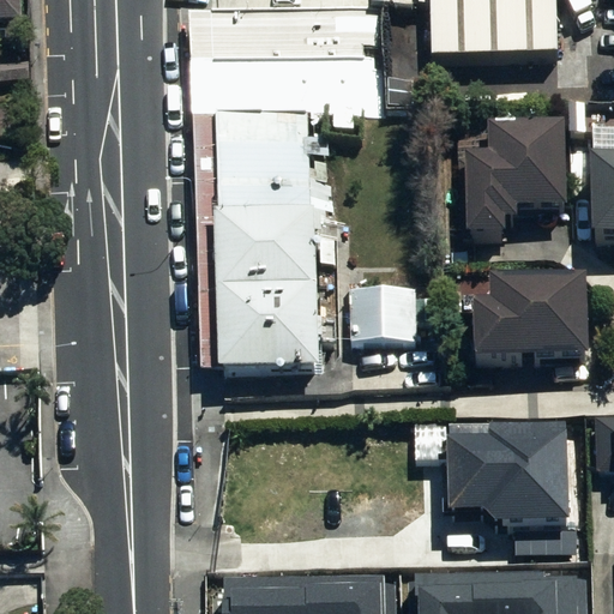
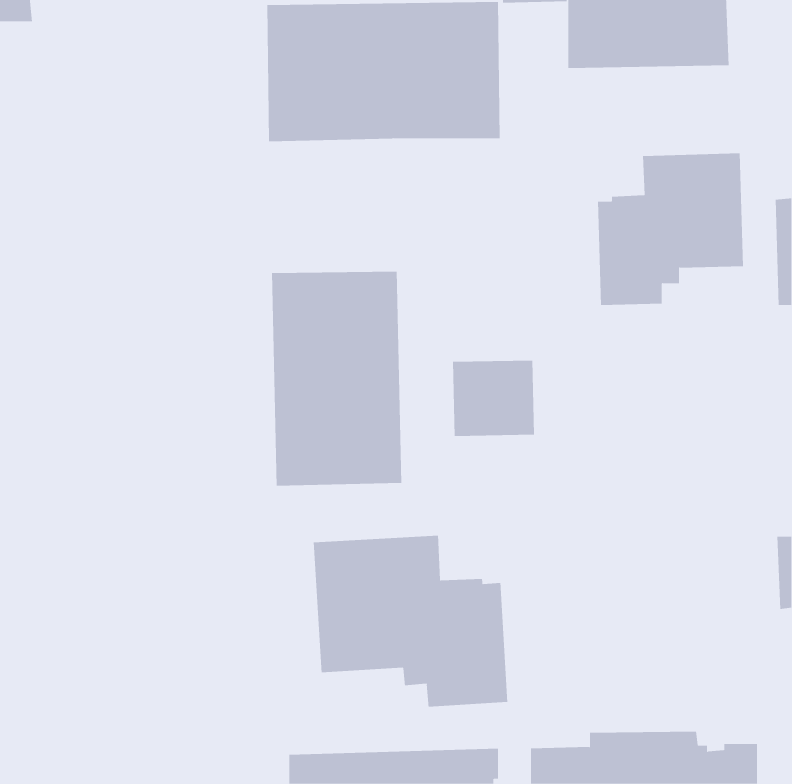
building: [206,107,306,210] -> none
building: [472,271,594,359] -> none
building: none -> [313,535,508,708]
building: [441,417,568,525] -> none

